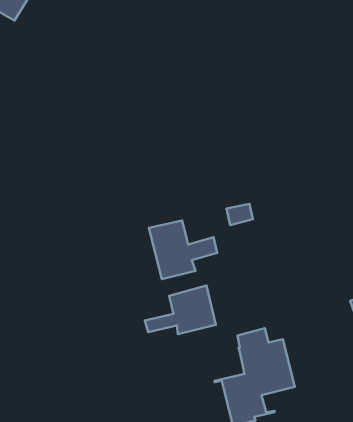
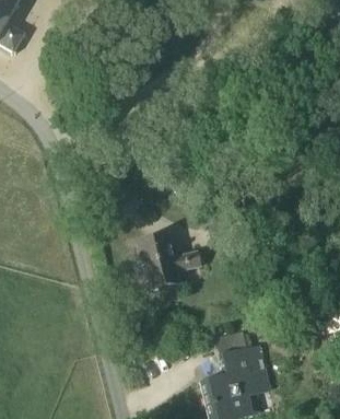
building: [145,286,216,334] -> none

